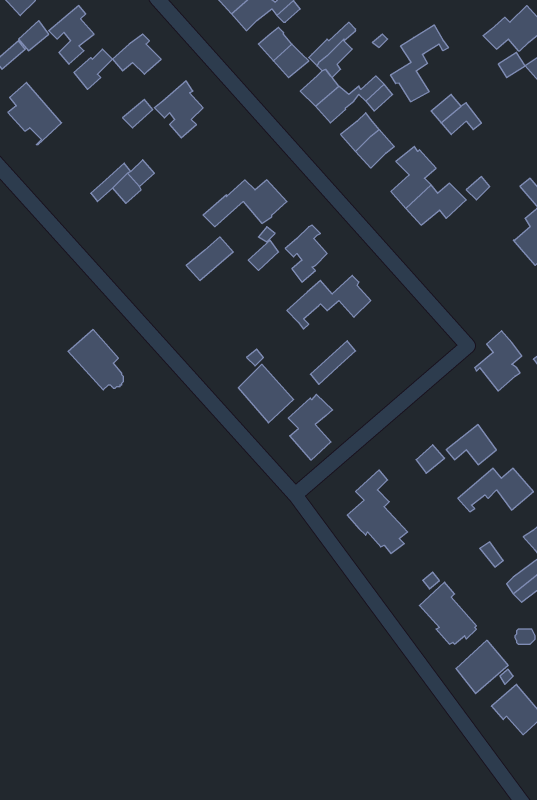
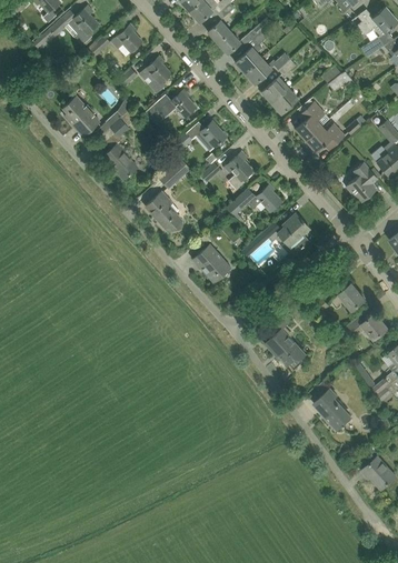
building: [391,25,448,102] -> none
building: [8,82,62,145] -> [63,94,99,135]
building: none -> [145,89,196,117]
building: none -> [101,143,137,179]
building: none -> [278,213,310,254]
building: [68,330,123,390] -> [146,191,182,231]
building: [475,331,522,391] -> [346,161,377,201]
building: [288,394,333,460] -> none
building: [456,640,508,694] -> none

